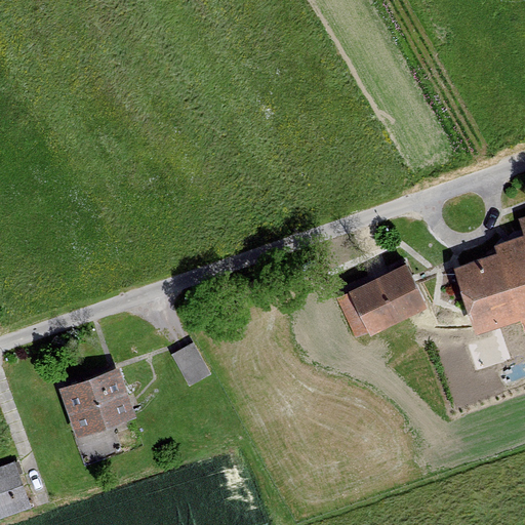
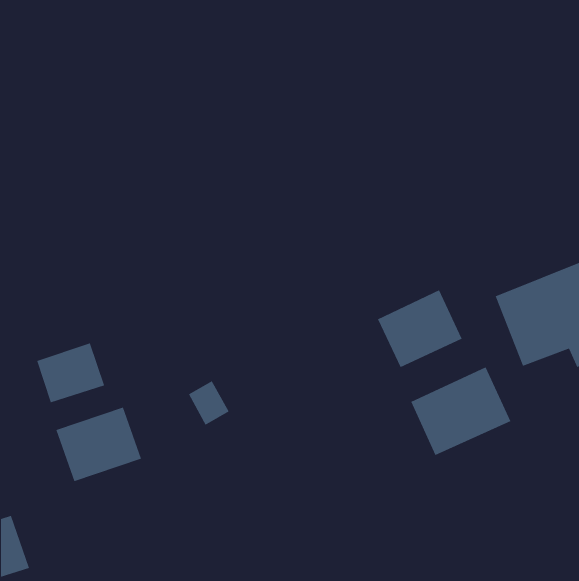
building: none -> [36,342,105,403]
building: none -> [410,366,511,456]

